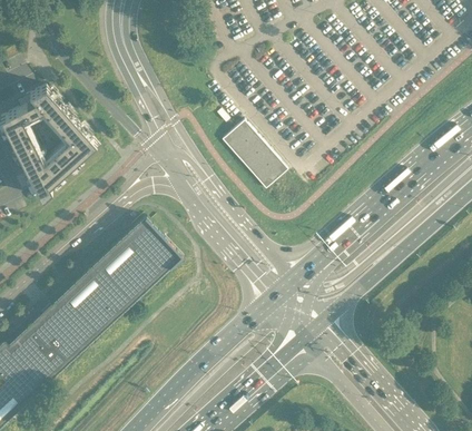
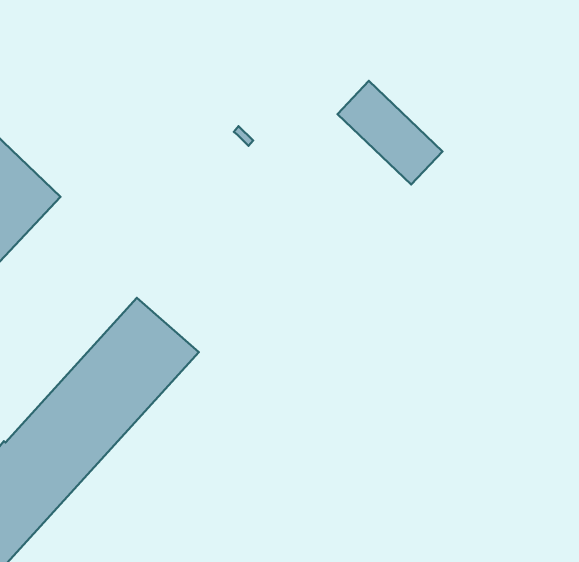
building: [219,121,286,192] -> [338,81,443,185]

